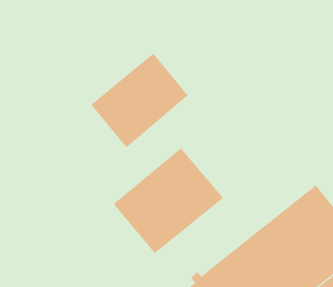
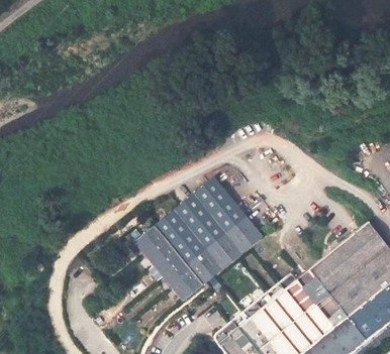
building: [91,53,188,148] -> none

